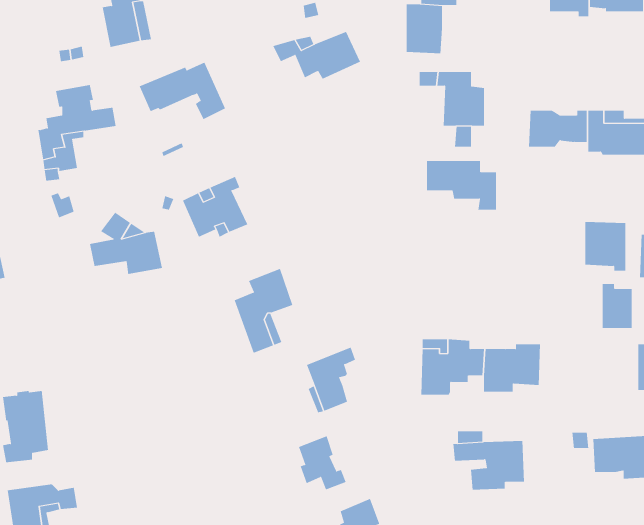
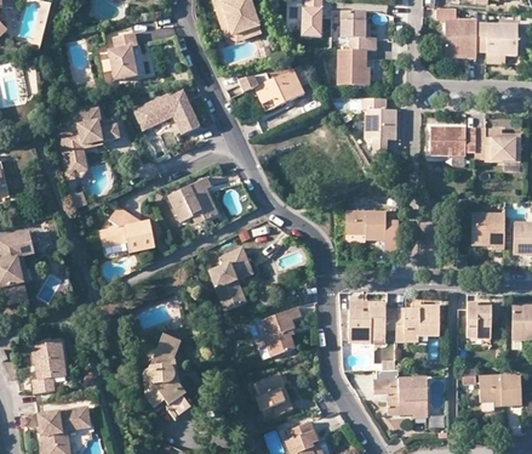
building: [426,160,497,210] -> [344,210,397,248]
building: [602,284,633,329] -> [467,302,490,336]
building: none -> [143,334,195,419]

